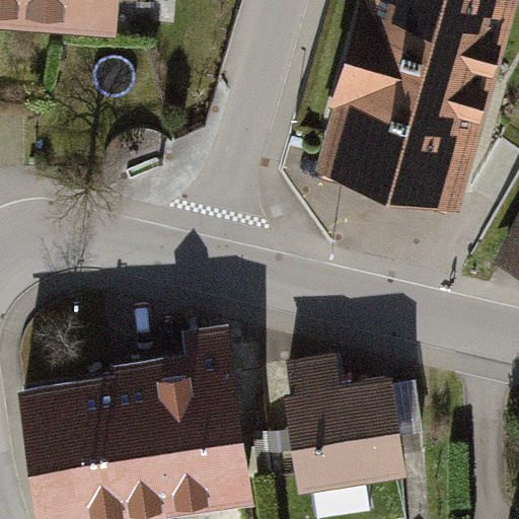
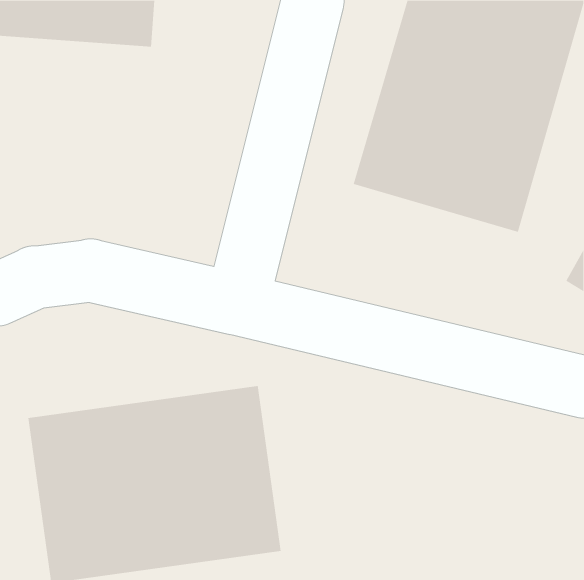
building: [292,381,388,477] -> none

